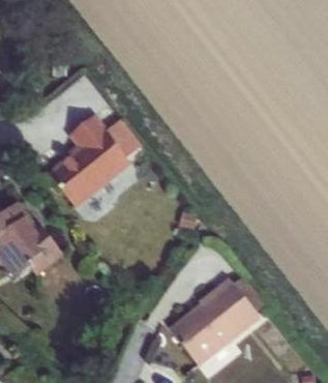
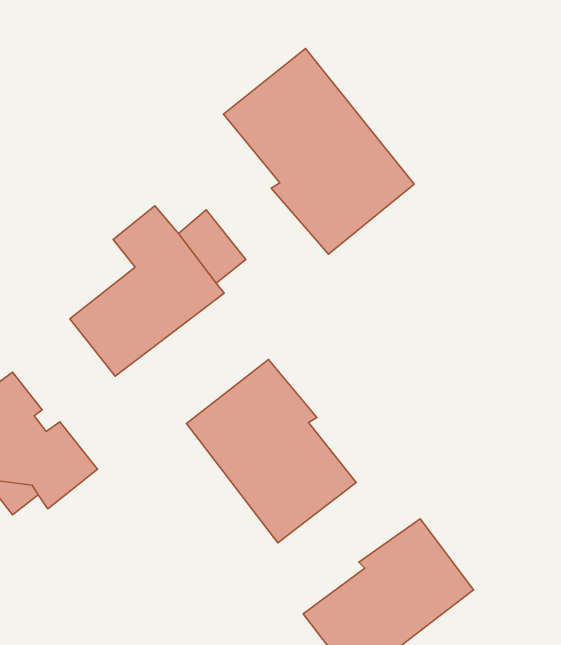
building: none -> [223,48,414,254]
building: none -> [187,360,356,543]

